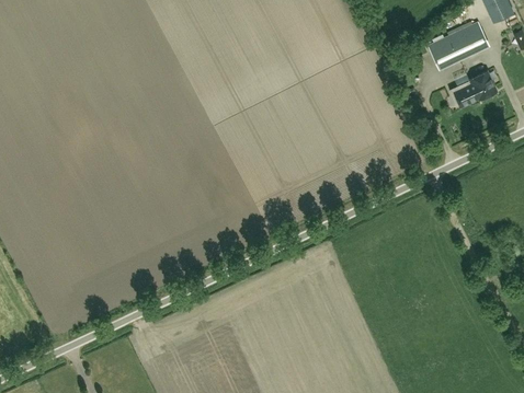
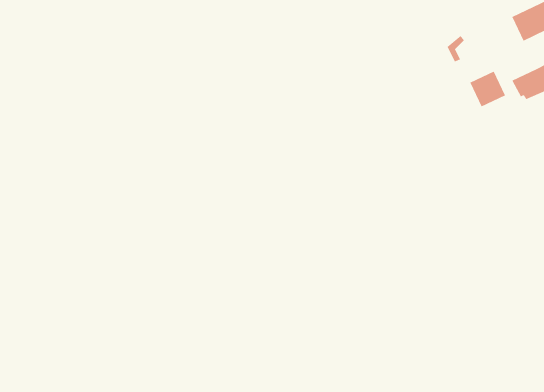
building: [428,36,458,67] -> [470,71,506,107]

